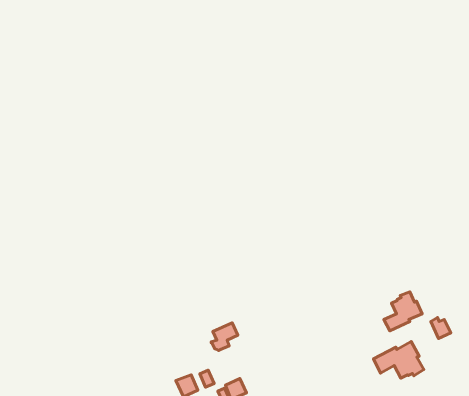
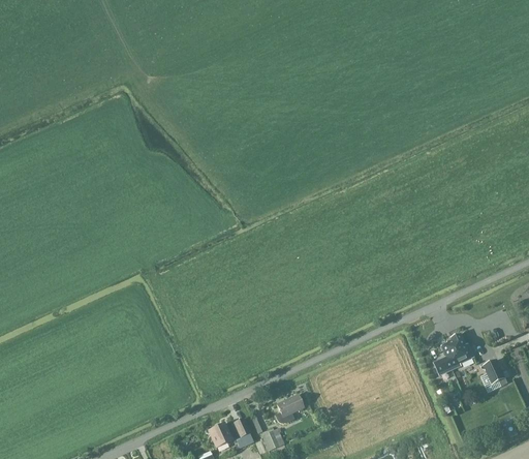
building: [211,323,238,351] -> [275,395,304,425]
building: [374,341,424,378] -> none

